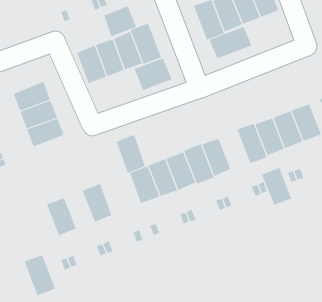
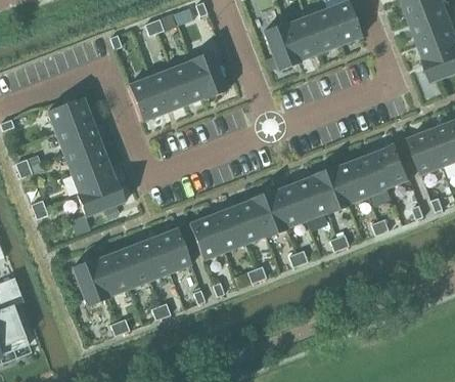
building: [103,5,138,38] -> none
building: [209,26,252,59] -> none
building: [134,57,172,91] -> none
building: none -> [47,96,91,132]
building: [116,134,146,173] -> [156,227,191,272]
building: none -> [77,179,125,216]
building: [261,166,292,206] -> [292,173,328,219]
building: none -> [115,244,149,288]
building: [24,254,56,296] -> [72,258,108,306]

